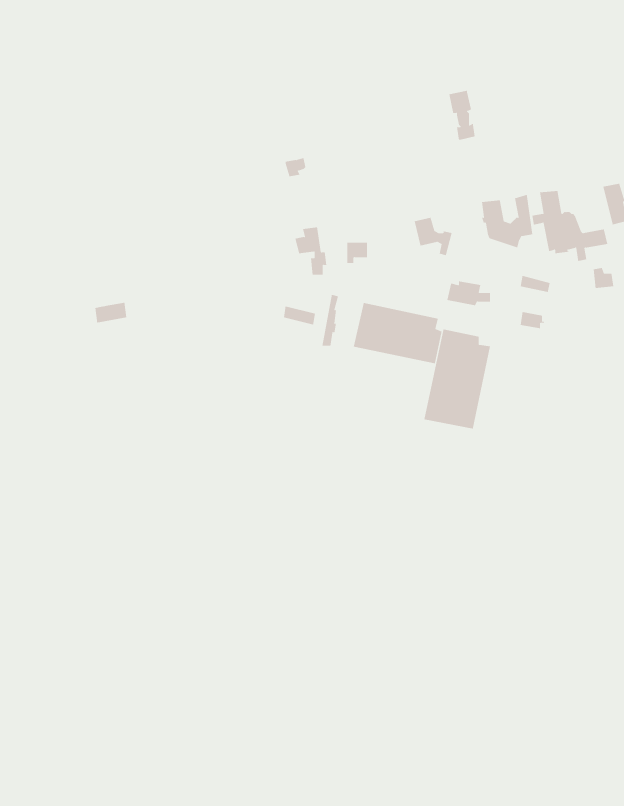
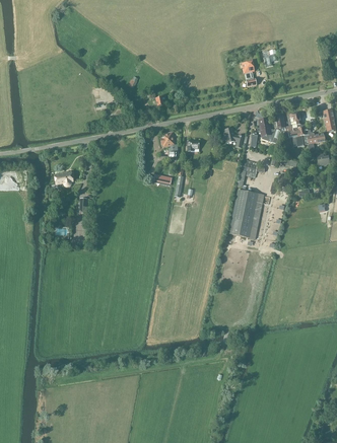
building: [353,302,442,364] -> none

